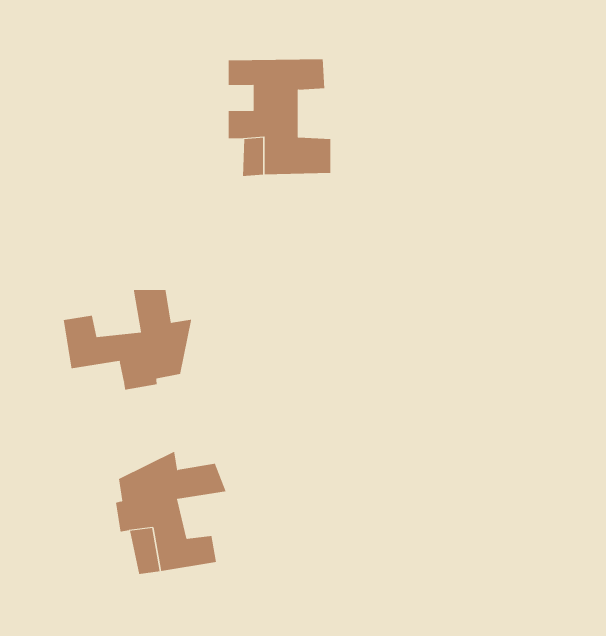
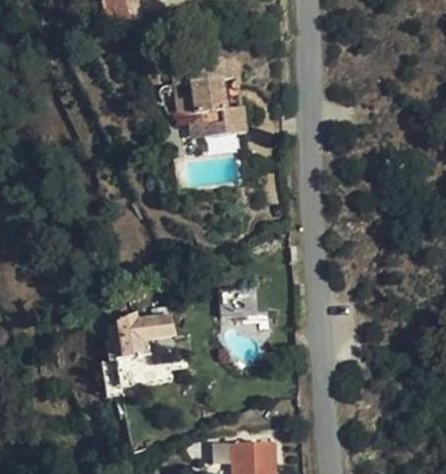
building: [63,289,192,390] -> none

